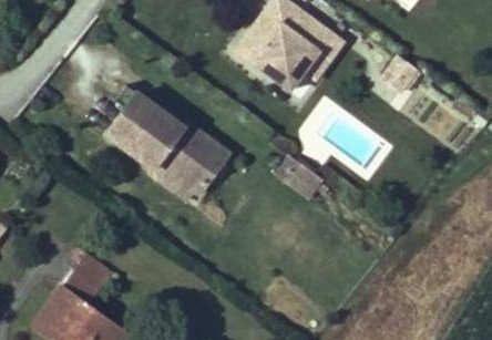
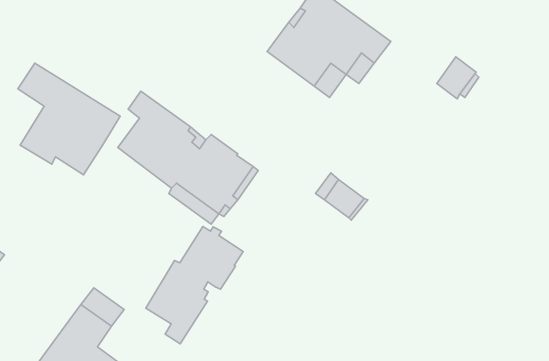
building: none -> [18,63,120,175]
building: none -> [146,226,243,344]

